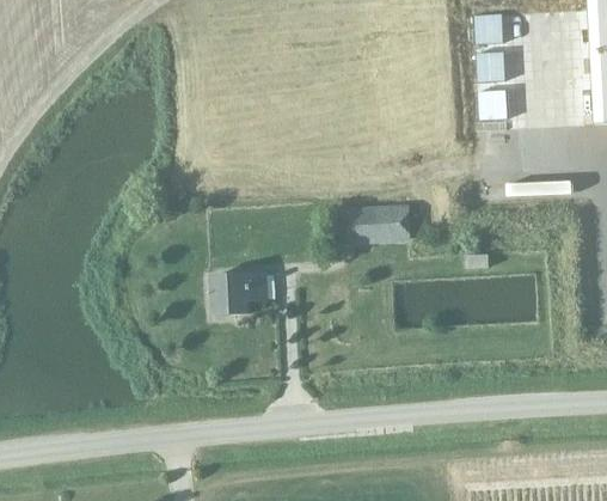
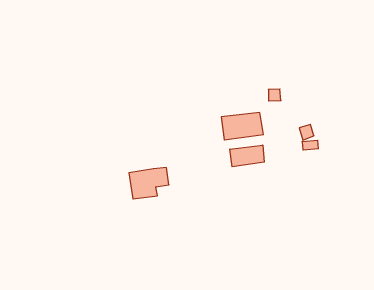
building: none -> [230,145,264,167]

